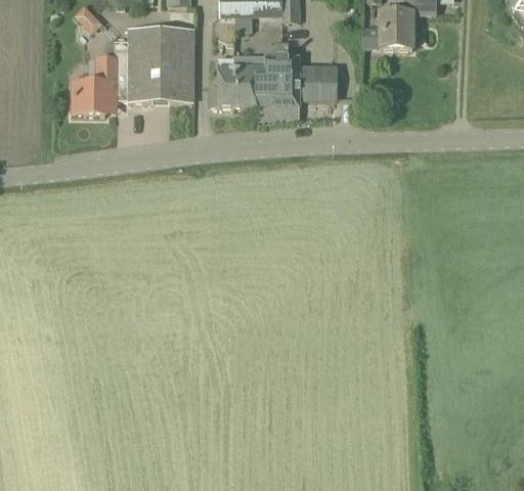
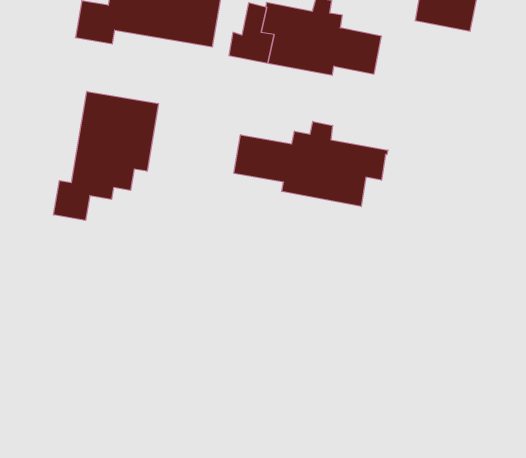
building: none -> [234,121,388,207]
building: none -> [54,91,159,220]

